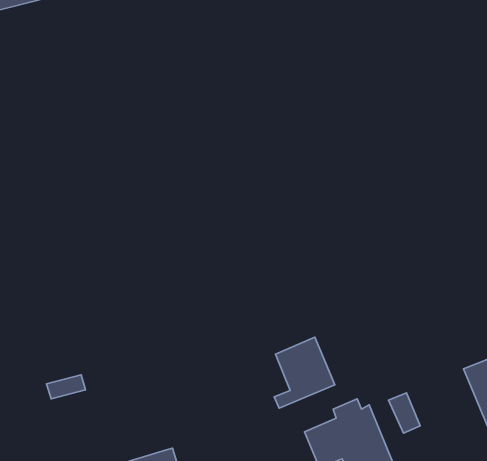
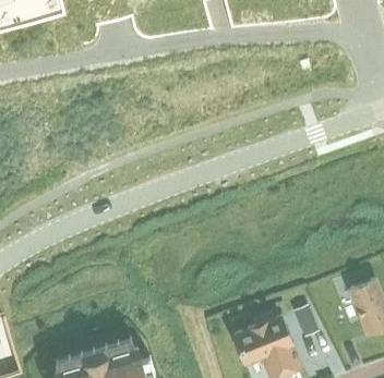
building: [274,337,335,408] -> none

